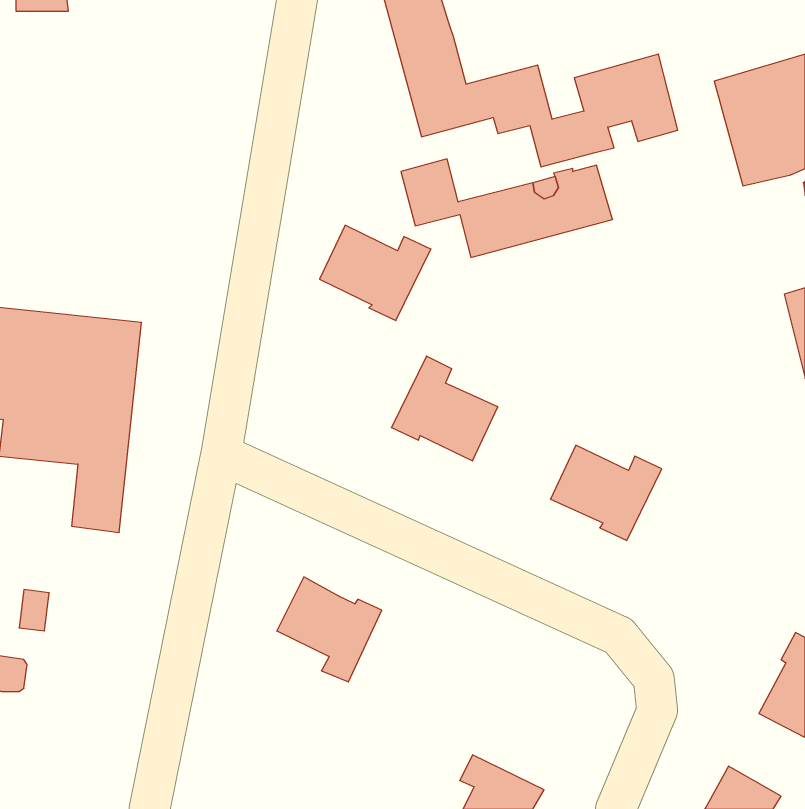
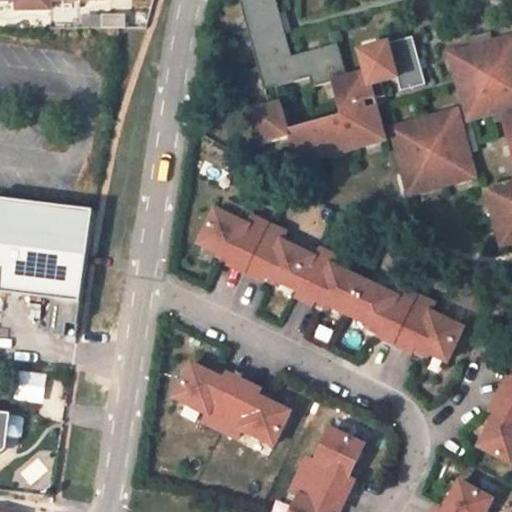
building: none -> [389,105,474,191]
building: [320,225,431,321] -> [198,209,268,269]
building: none -> [296,248,362,314]
building: none -> [394,295,461,361]
building: none -> [219,384,290,446]
building: none -> [297,429,364,497]

